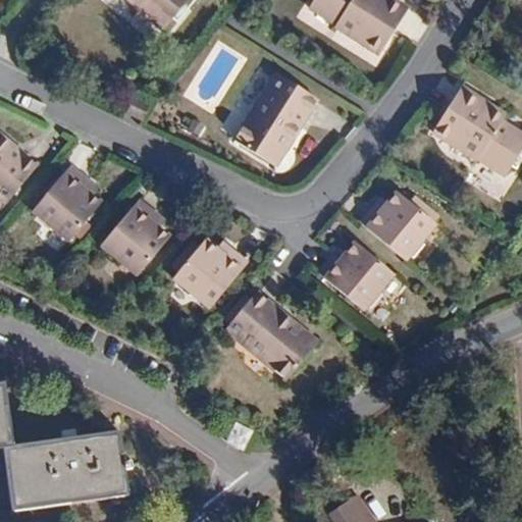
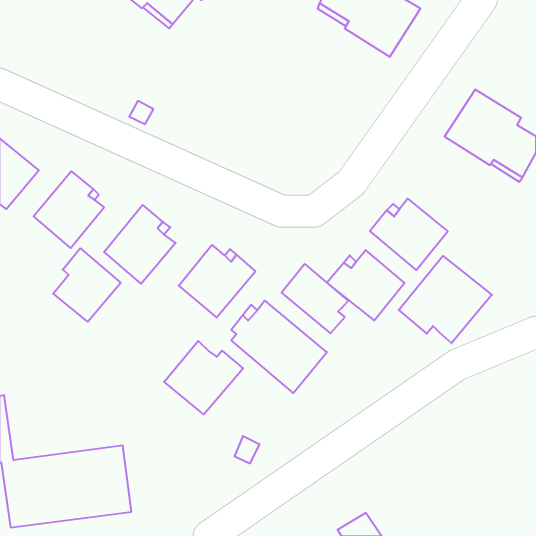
building: [232,73,316,167] -> none
building: none -> [53,248,121,322]
building: none -> [399,256,492,343]
building: none -> [282,264,348,333]
building: none -> [164,341,243,414]

